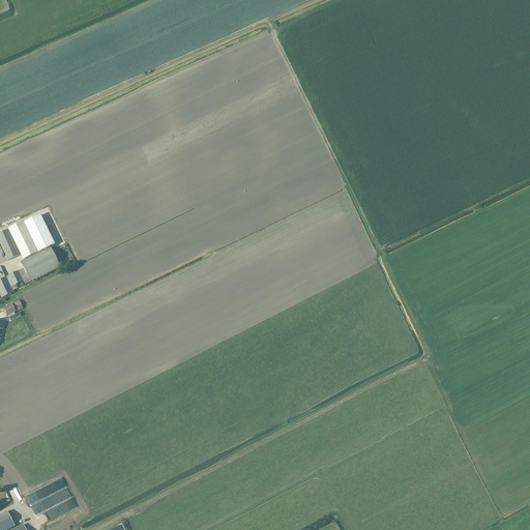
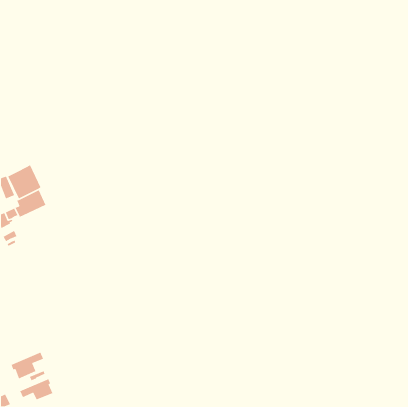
building: none -> [10,351,44,380]

